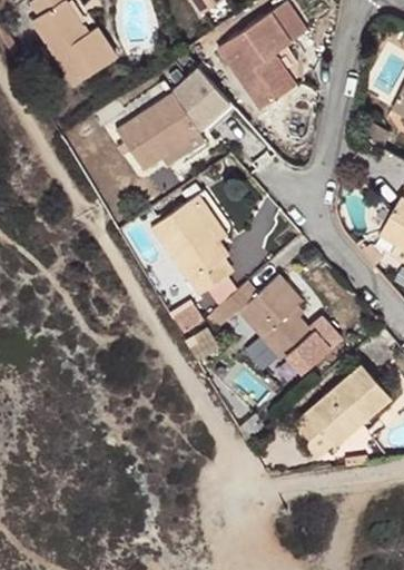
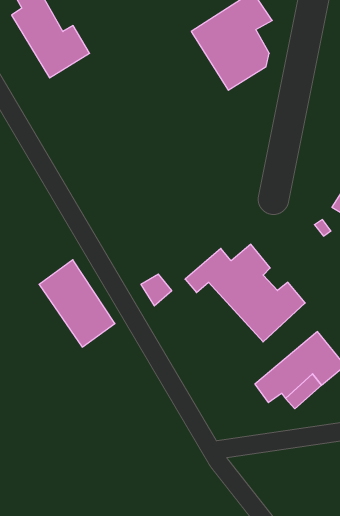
building: [114,70,237,173] -> none
building: [156,200,238,295] -> [39,260,115,347]

